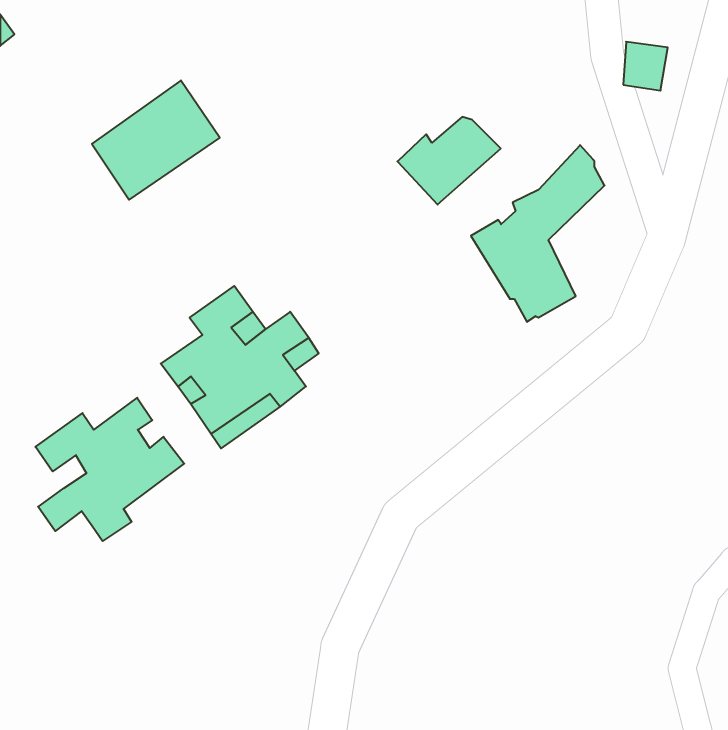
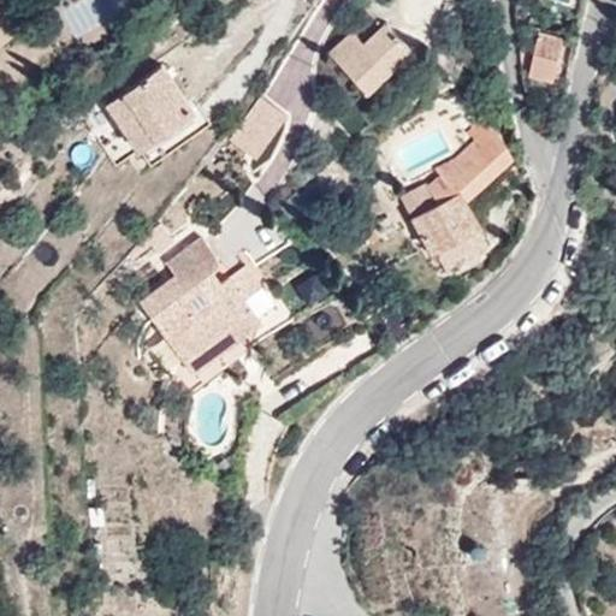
building: [397,117,501,205] -> [328,17,415,90]
building: [35,398,184,541] -> none

